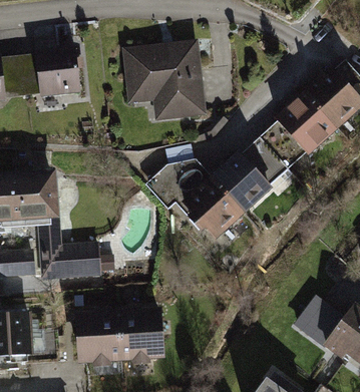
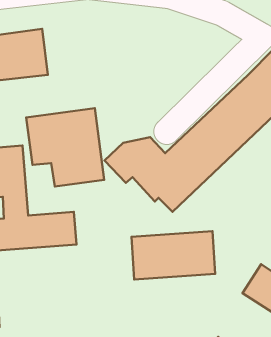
building: [120,38,205,122] -> [26,108,104,186]
building: [73,308,163,360] -> [131,231,215,280]

